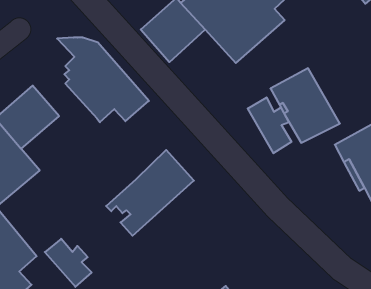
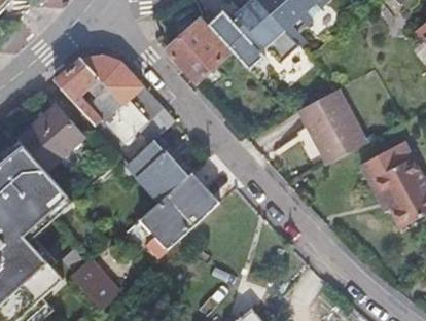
building: none -> [54,59,121,146]
building: [248,97,291,153] -> none
building: none -> [128,135,191,201]

